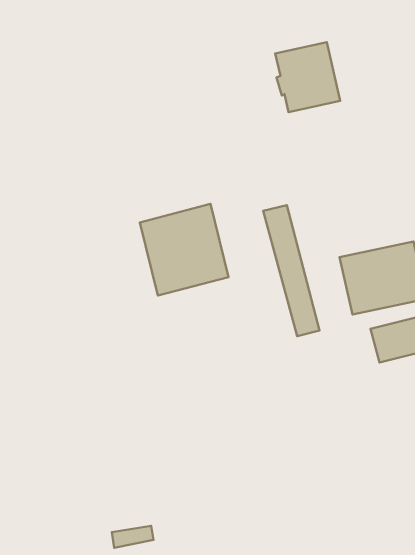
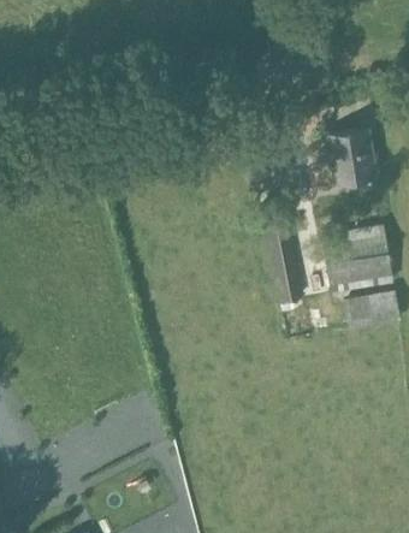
building: [275,42,340,112] -> [326,129,379,186]
building: [140,204,228,296] -> none

